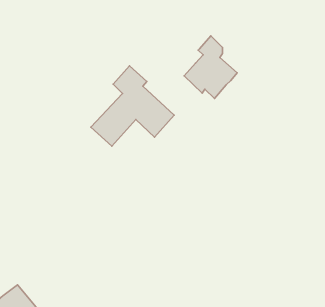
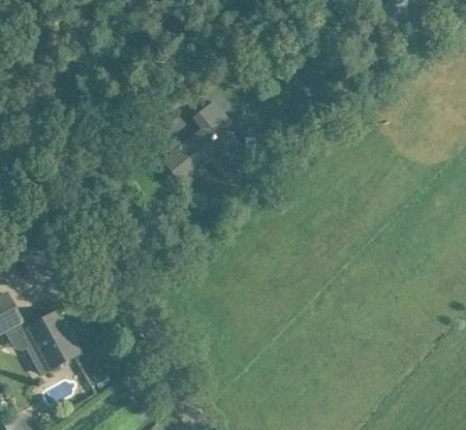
building: [184,36,237,98] -> none

